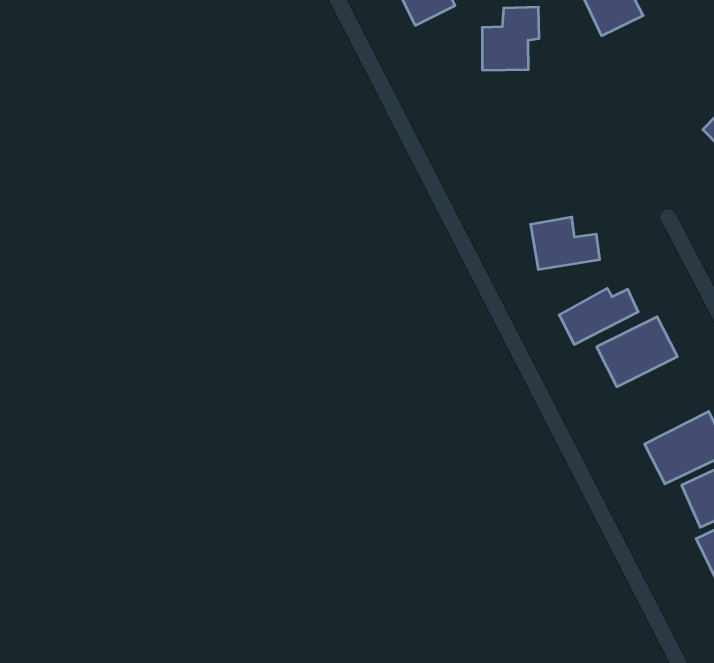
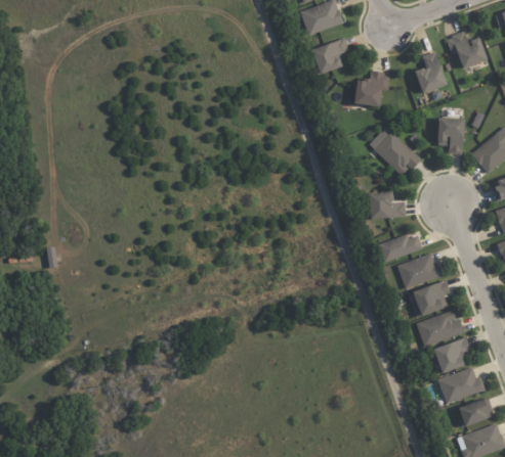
building: none -> [437,117,464,153]
building: none -> [368,126,421,175]
building: none -> [413,280,448,317]

